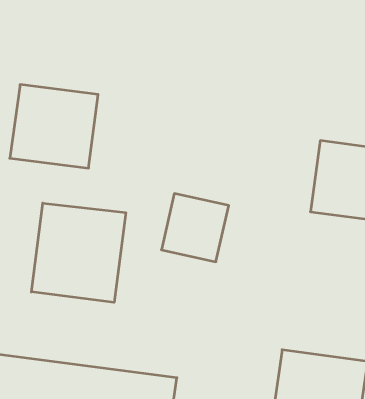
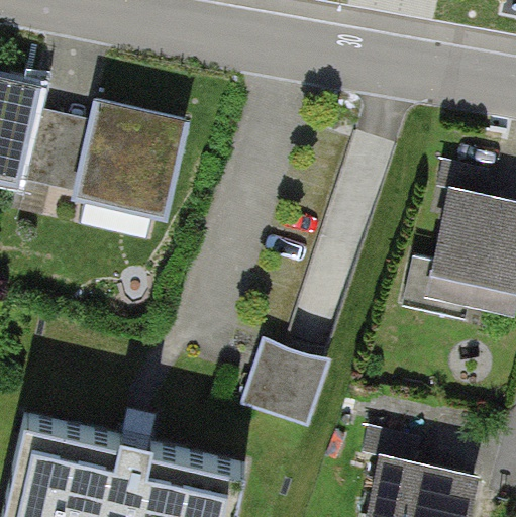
building: [161,194,229,262] -> [245,339,330,425]
building: [31,203,126,302] -> none

